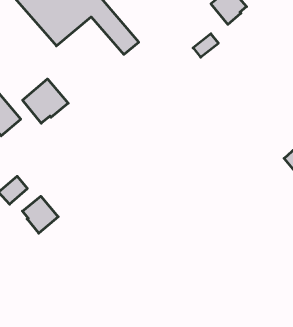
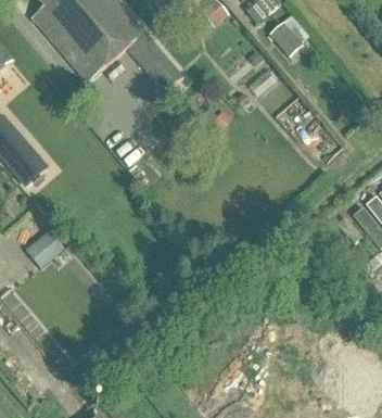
building: [23,79,68,123] -> none
building: [22,196,58,233] -> none

